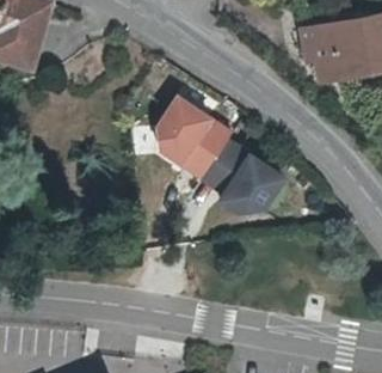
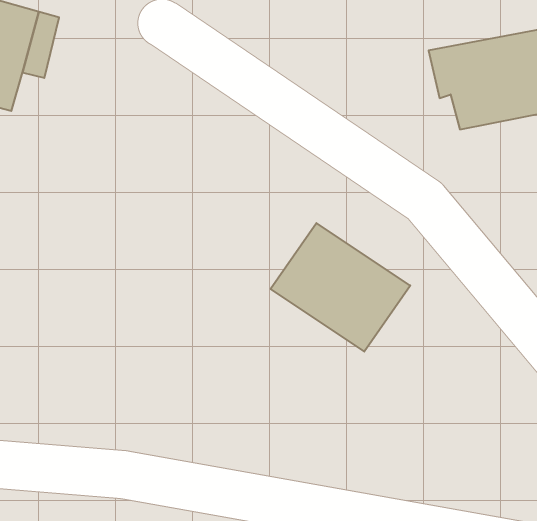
building: [159,102,232,185] -> none

